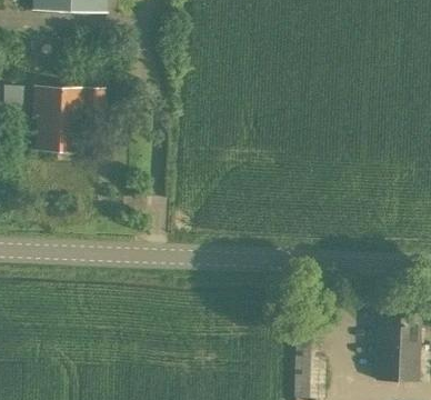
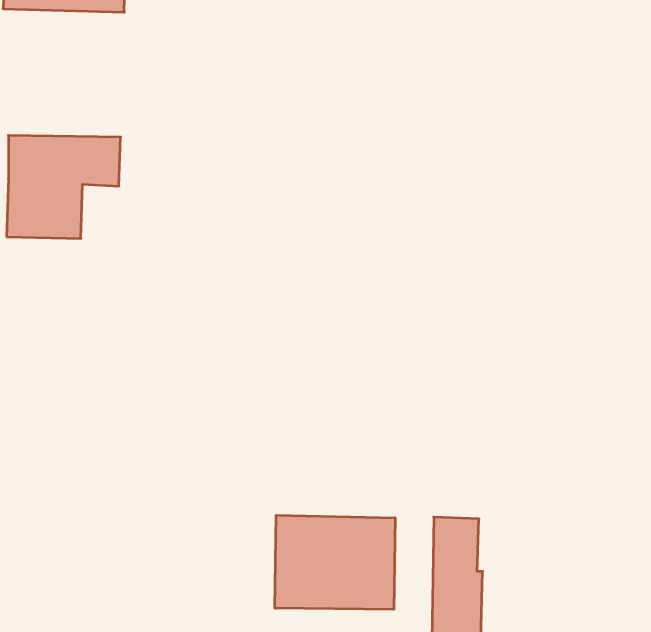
building: [375,306,421,382] -> none
building: none -> [275,515,395,609]

